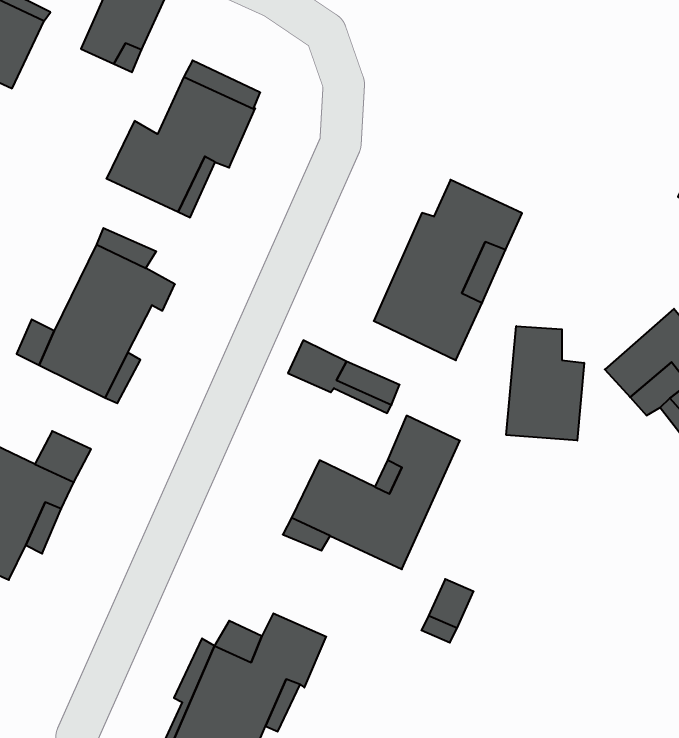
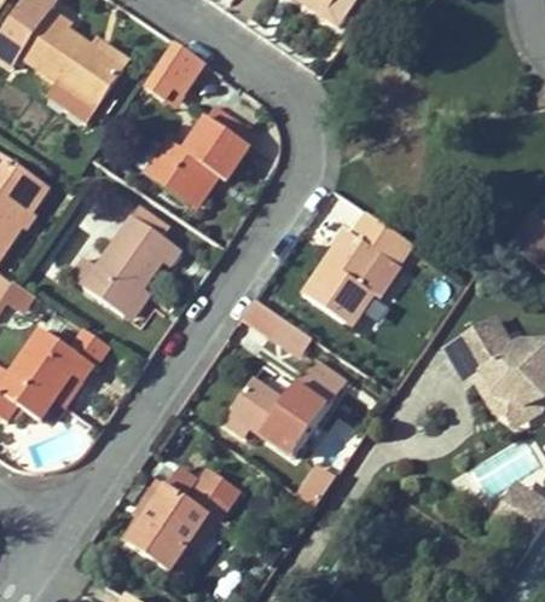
building: [506,326,584,441] -> none

